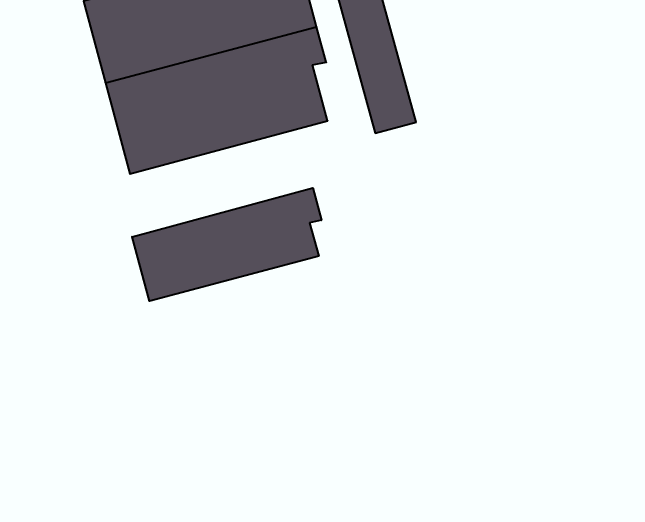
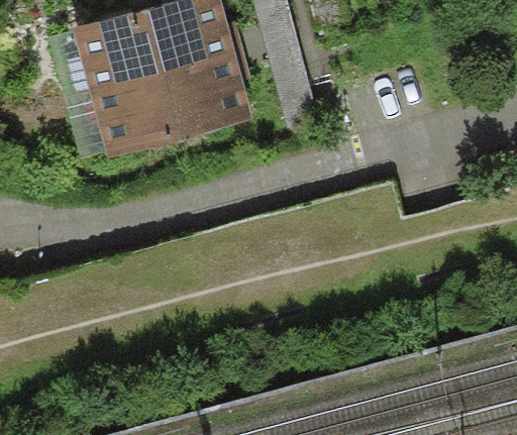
building: [132,188,321,301] -> none

